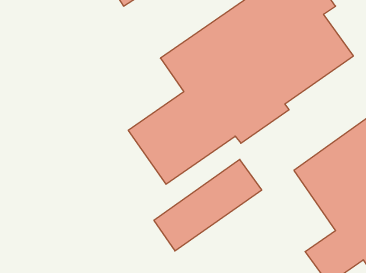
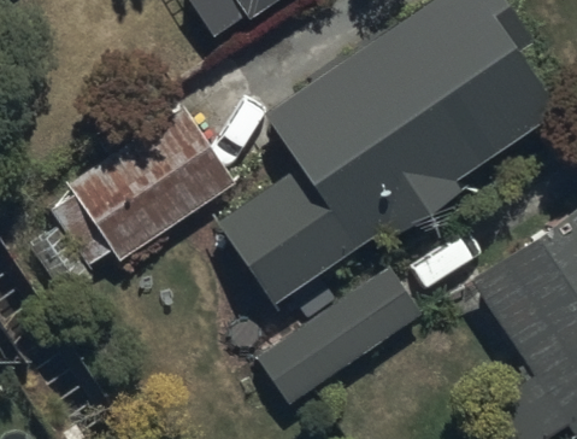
building: none -> [61,103,236,265]

